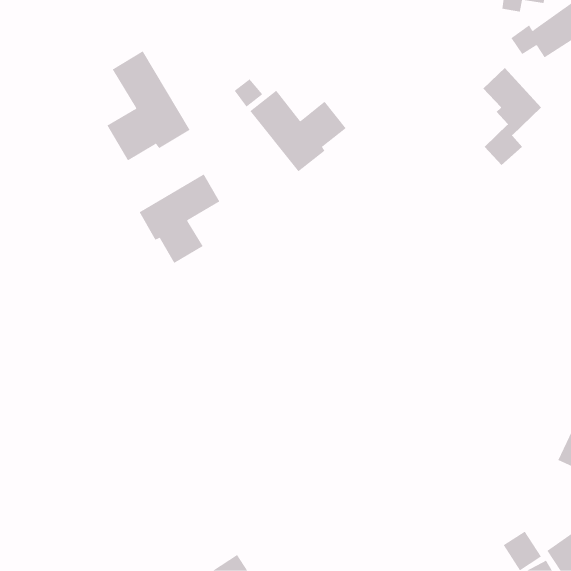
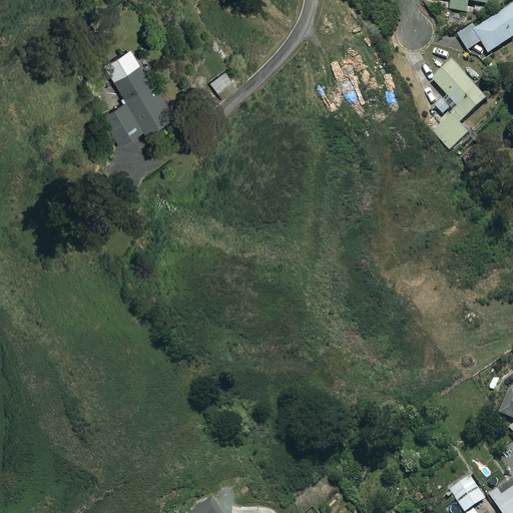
building: [249,90,346,172] -> none
building: [139,173,220,264] -> none

